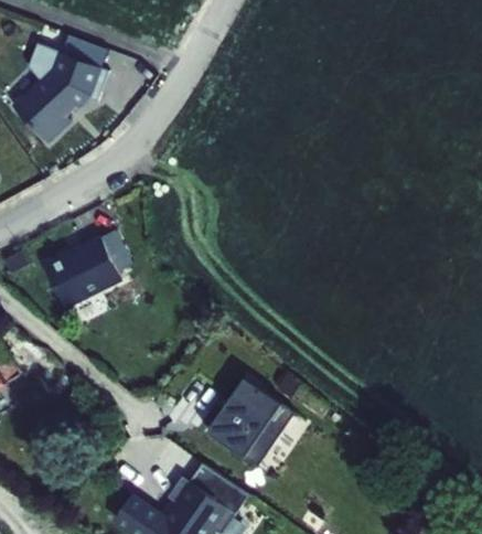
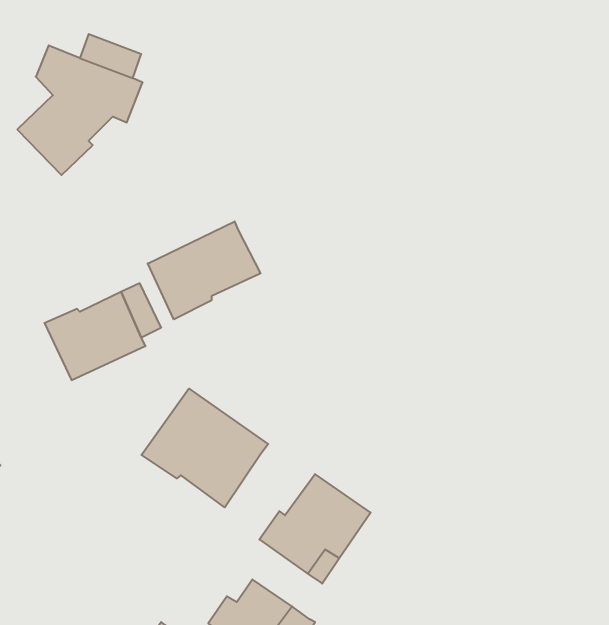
building: none -> [148,221,261,319]
building: none -> [141,389,268,507]

